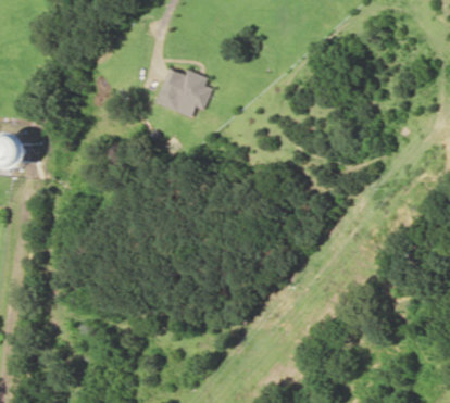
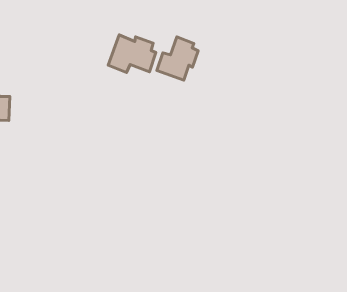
building: none -> [157,37,198,80]

